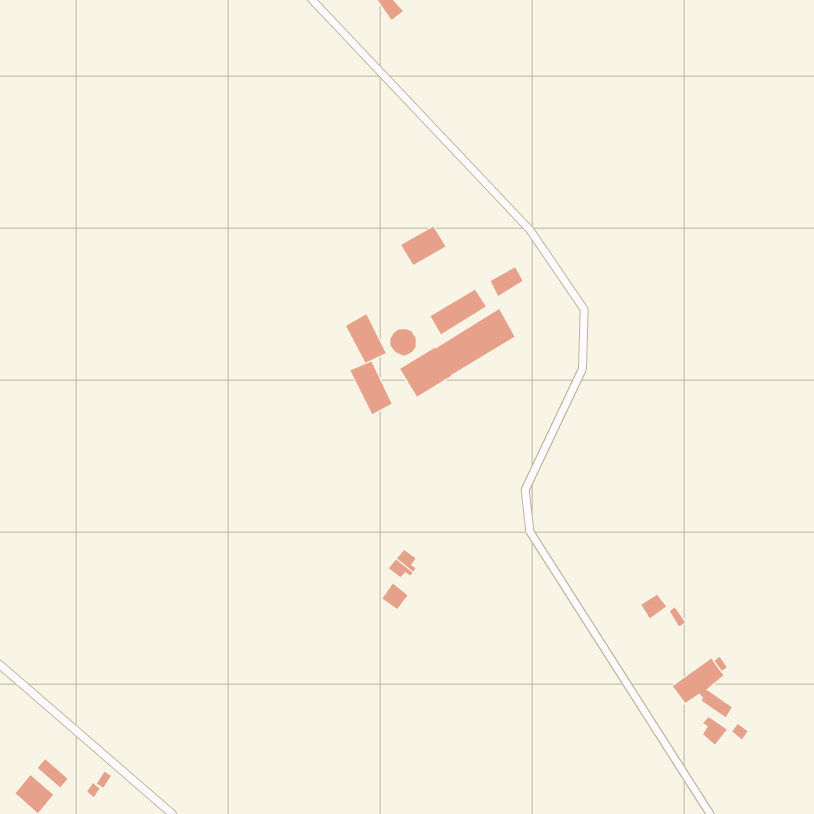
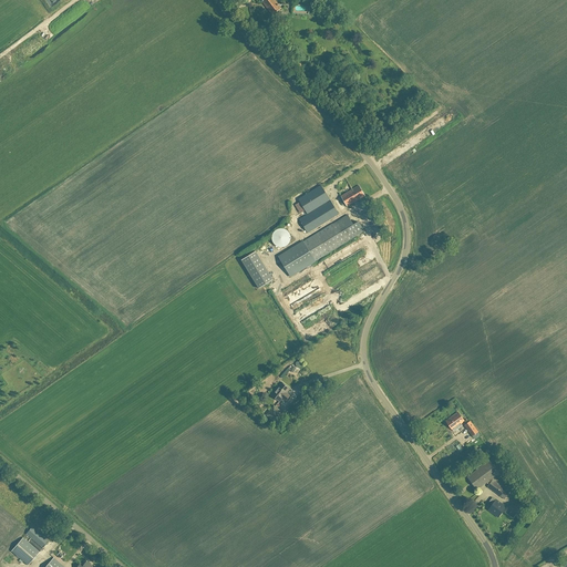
building: [400,226,446,266] -> [297,185,329,213]
building: [345,313,387,364] -> none

